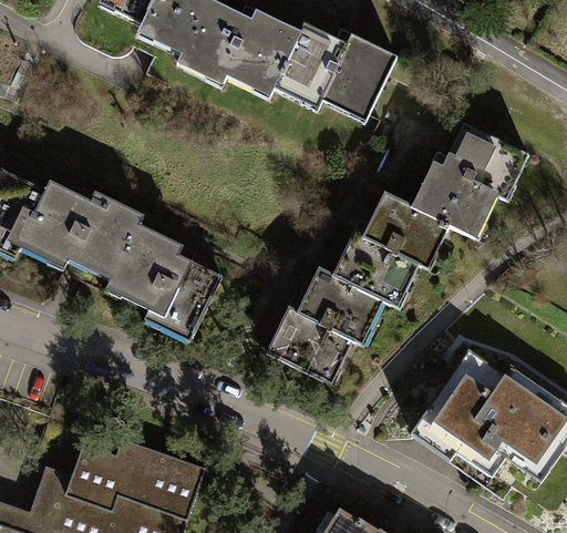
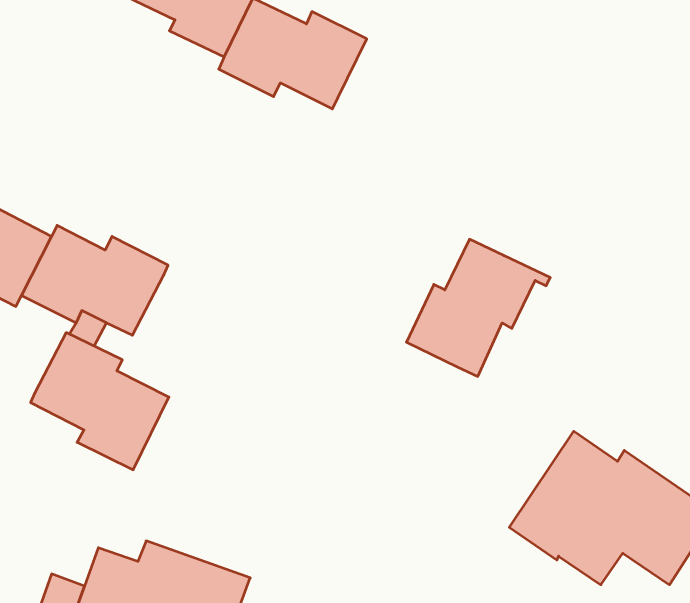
building: [277,24,395,115] -> none
building: [411,125,519,236] -> none
building: [107,225,219,336] -> [31,333,169,470]
building: [267,271,373,382] -> none

